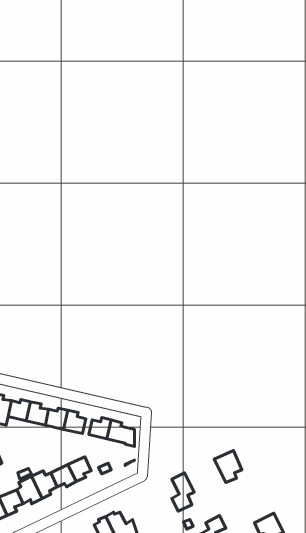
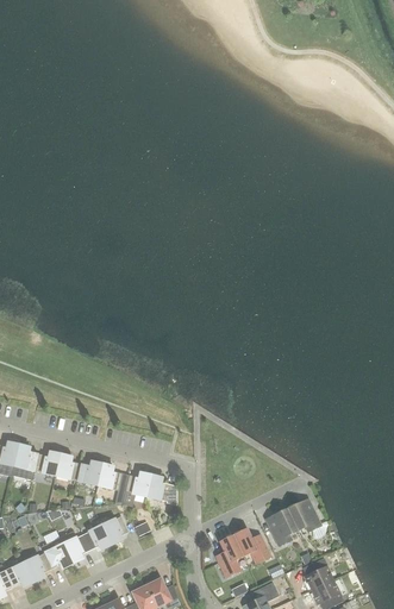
building: none -> [287,498,320,532]
building: none -> [232,528,270,563]
building: none -> [304,558,332,590]

